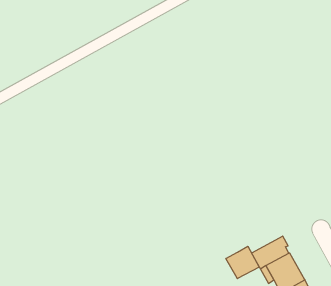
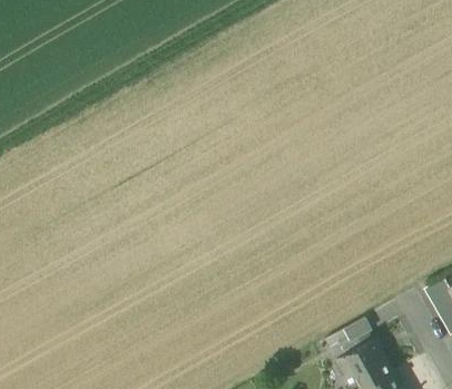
building: [226,246,259,279] -> none

